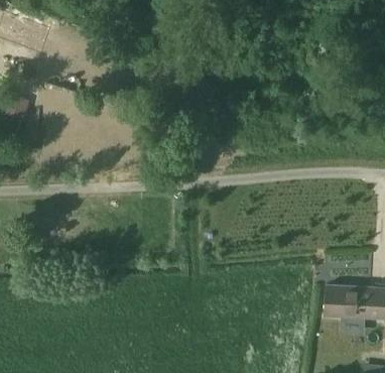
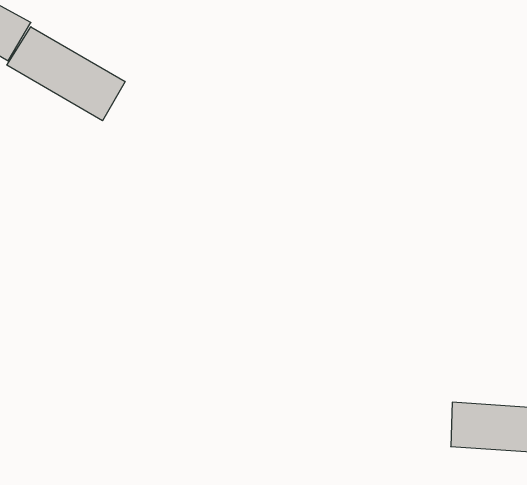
building: none -> [7,27,125,121]

